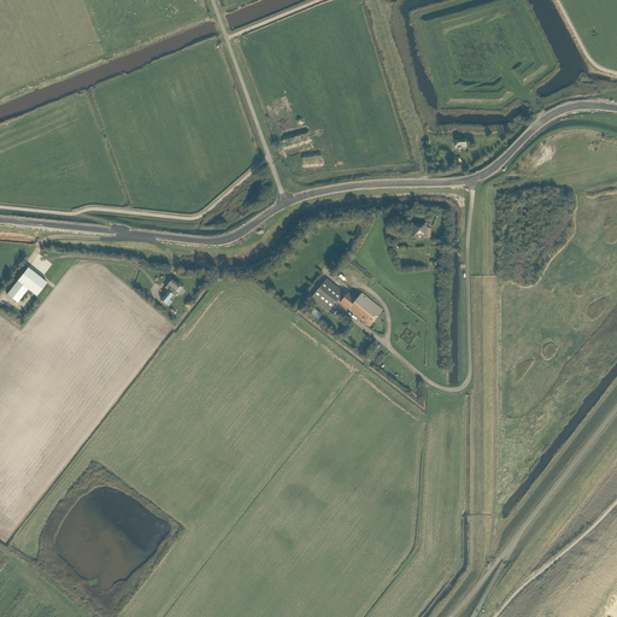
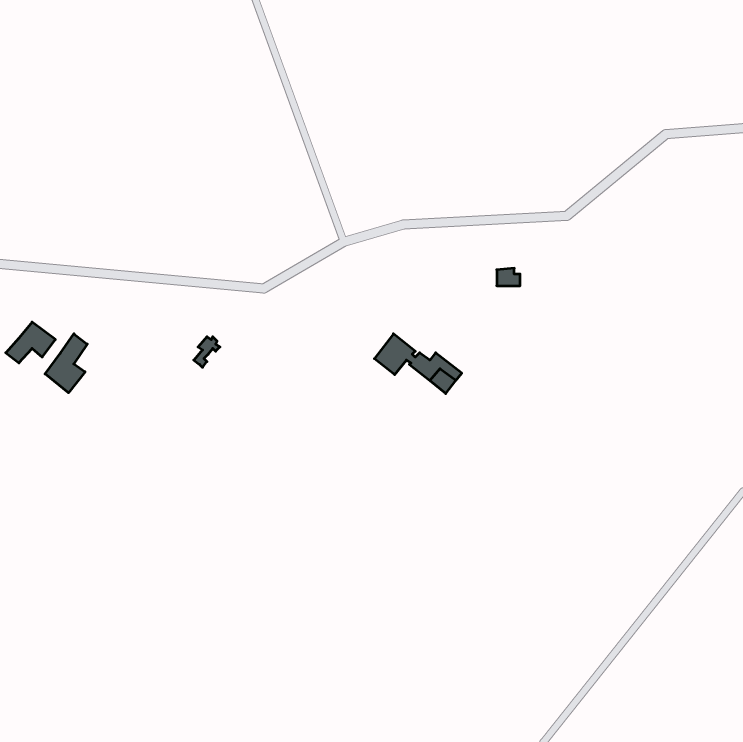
building: none -> [45,334,87,393]

